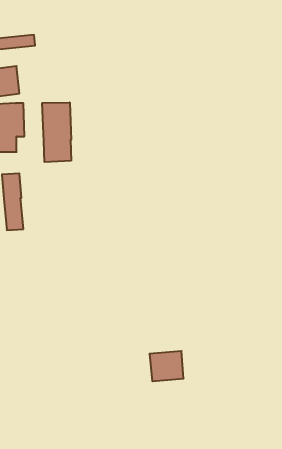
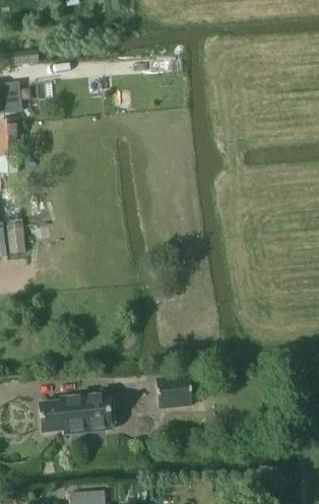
building: [42,102,71,162] -> none
building: none -> [38,393,115,434]

